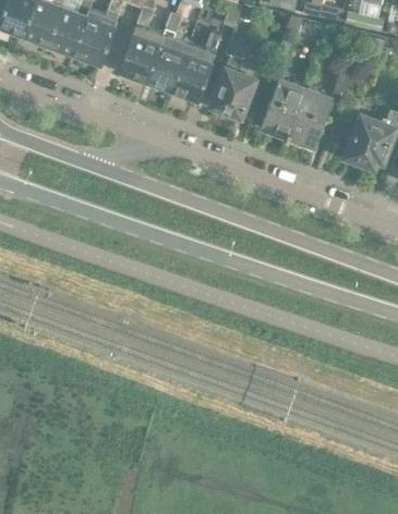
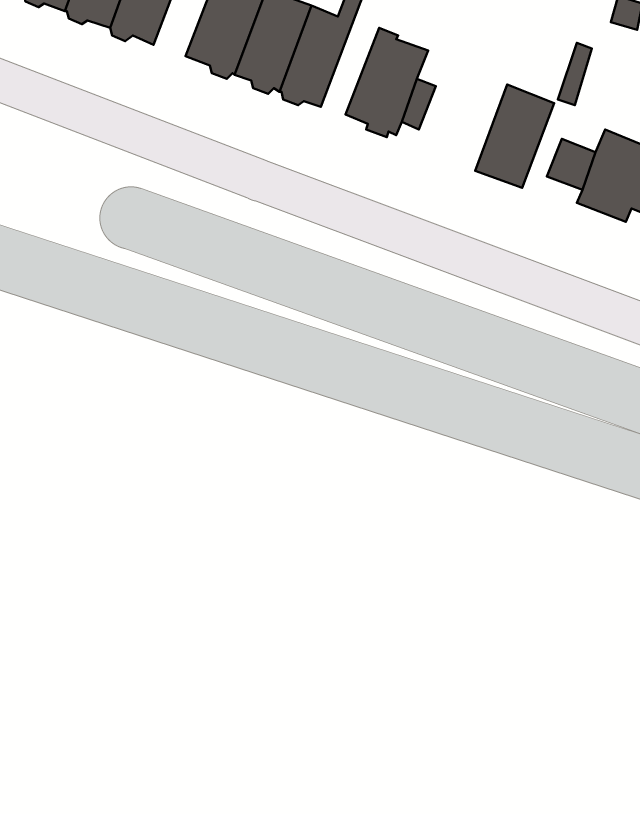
building: [260,77,305,137] -> none

